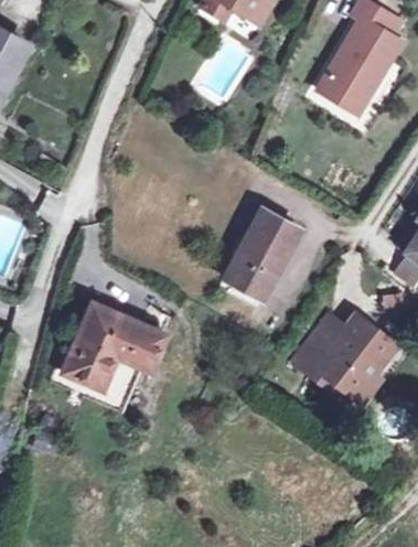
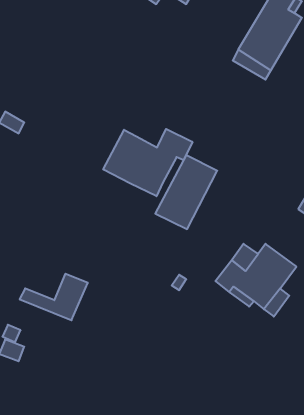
building: none -> [103,129,192,196]
building: [65,303,163,383] -> none

